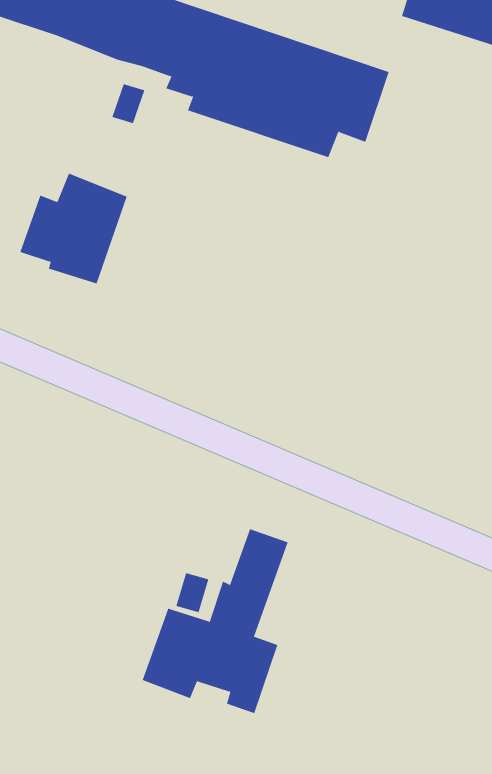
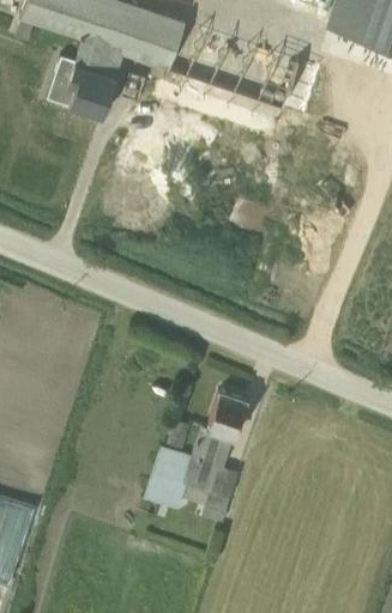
building: [20,173,127,284] -> [48,38,125,117]

